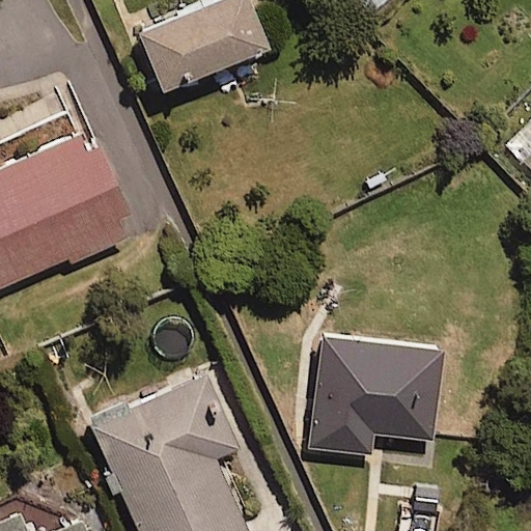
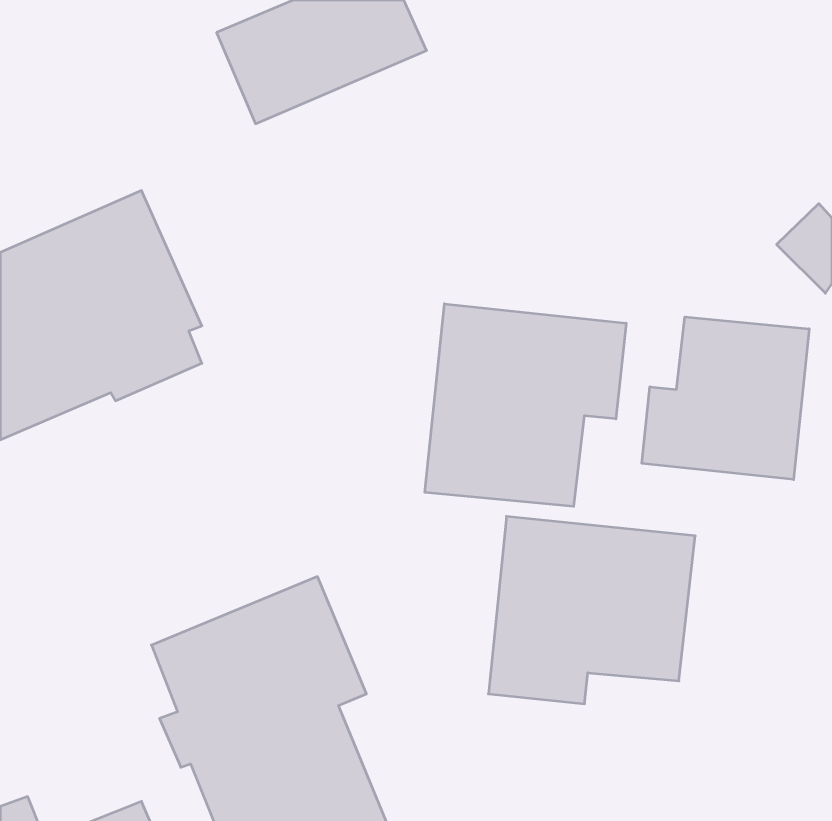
building: none -> [425,304,626,506]
building: none -> [642,317,809,480]

